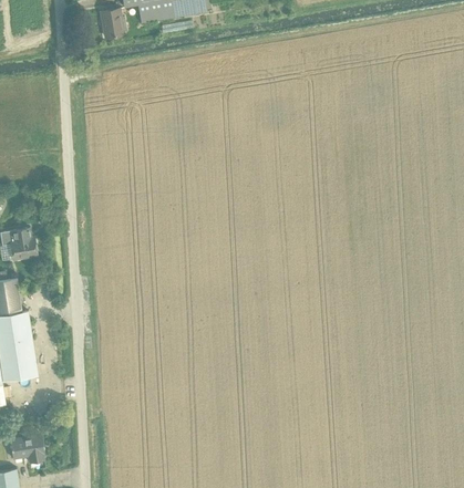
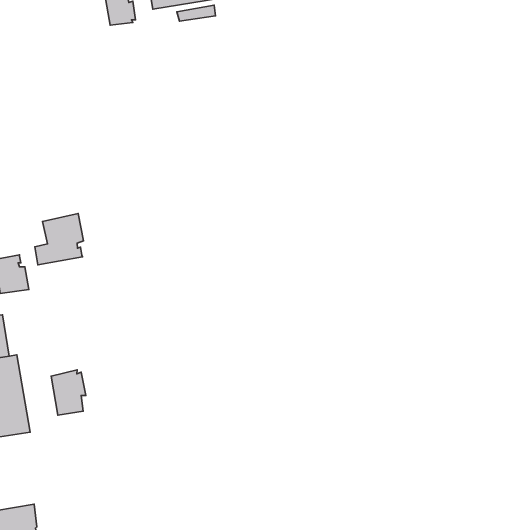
building: none -> [35,213,83,265]
building: none -> [51,370,86,415]

